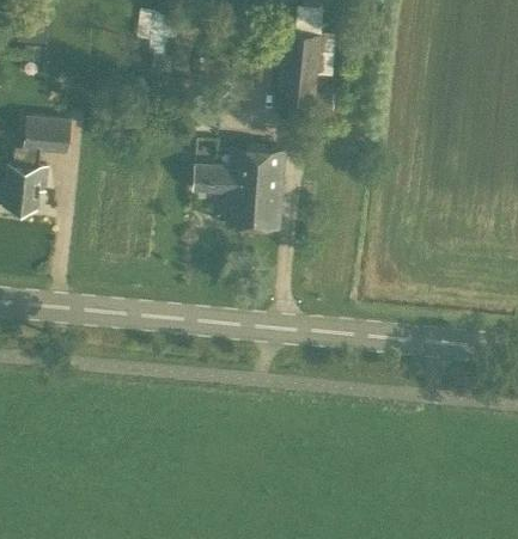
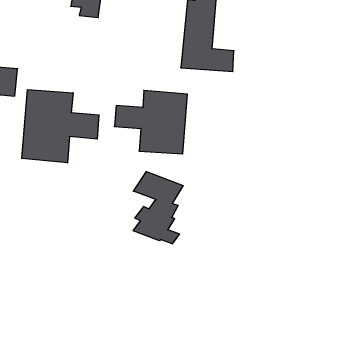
building: none -> [22,90,99,163]
building: none -> [133,172,183,244]

